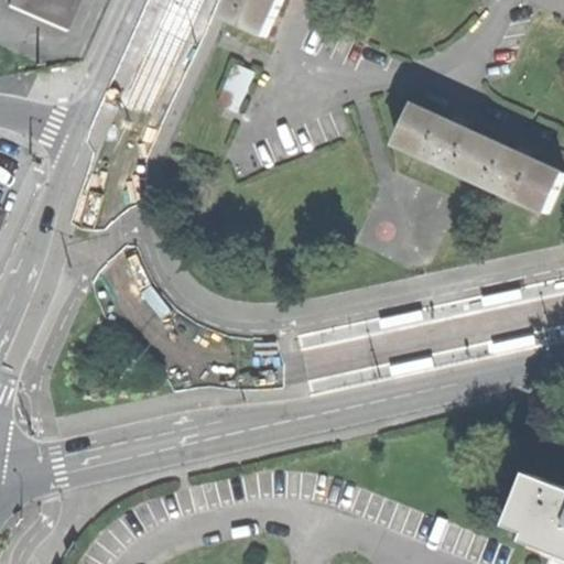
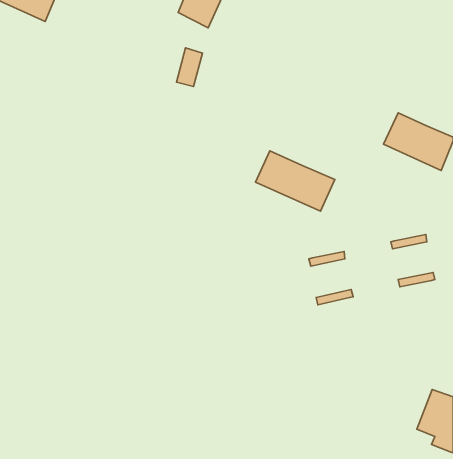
building: [390,102,487,176] -> [256,151,335,211]

